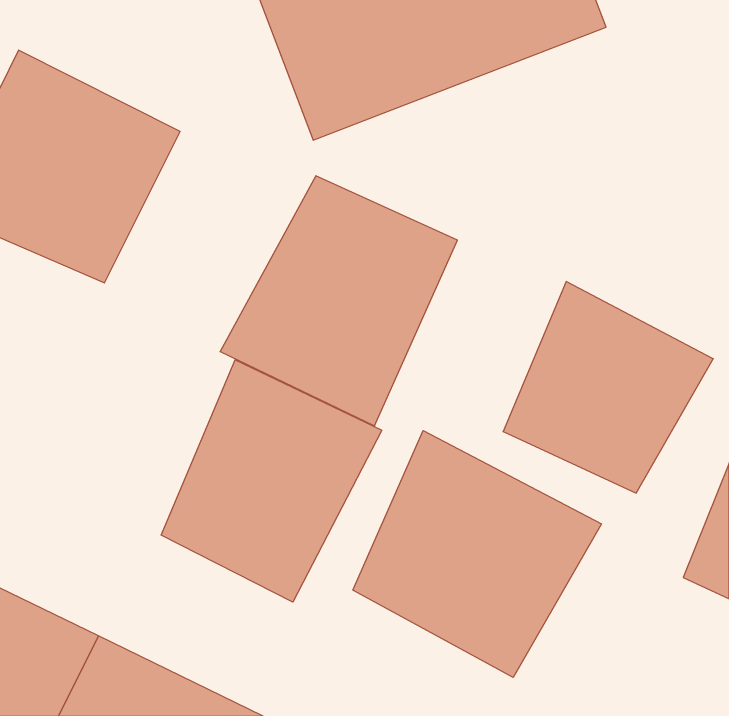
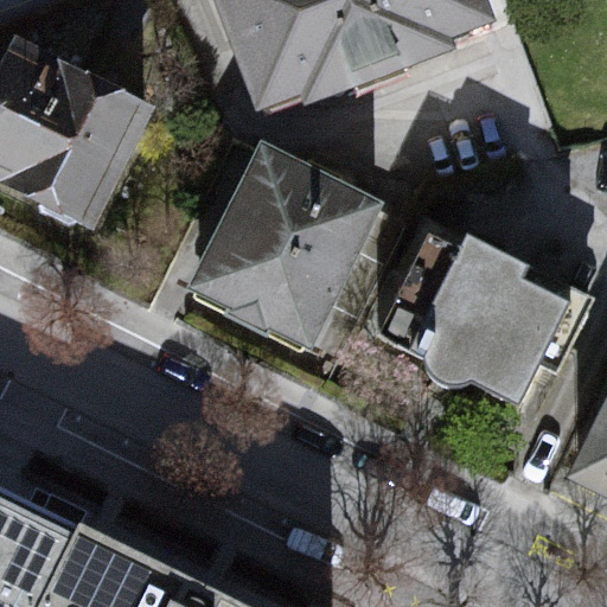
building: [161,360,382,602] -> none
building: [353,431,601,677] -> none

